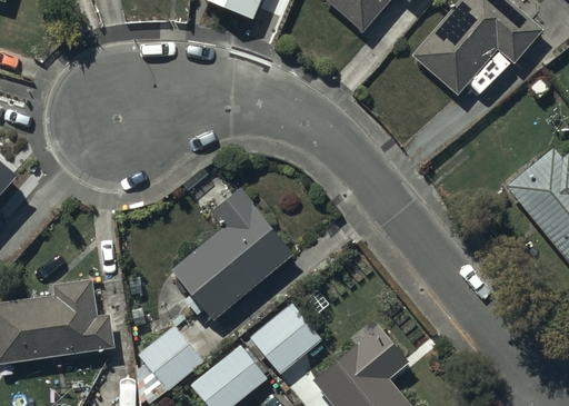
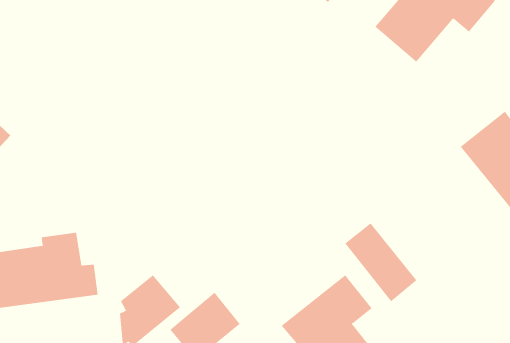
building: [172,189,293,320] -> none
building: none -> [344,223,417,302]
building: [249,304,321,375] -> none

